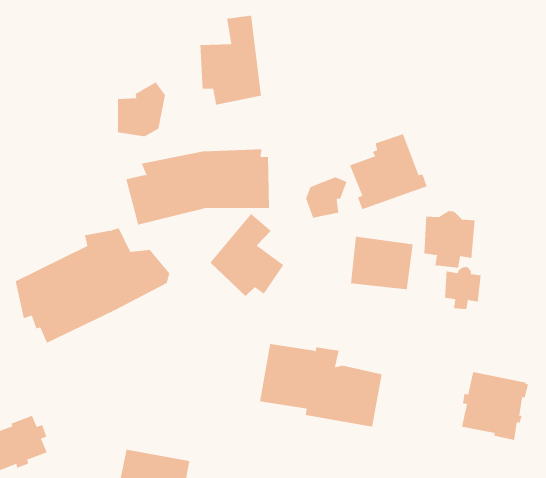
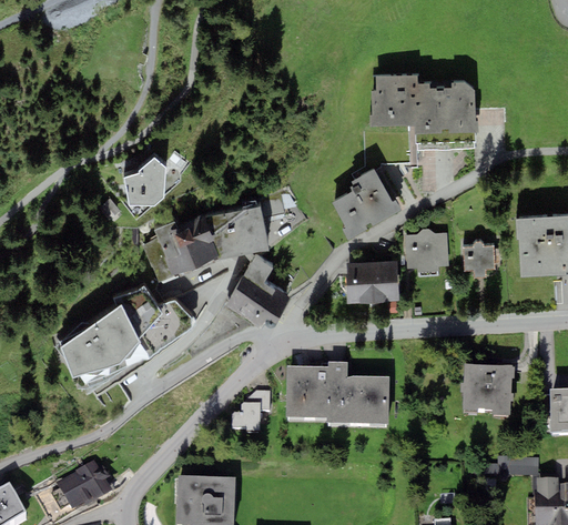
building: [200,15,261,106] -> none
building: none -> [369,74,476,143]
building: [306,177,347,218] -> none
building: [444,267,482,309] -> [463,240,495,277]
building: none -> [232,390,271,433]

